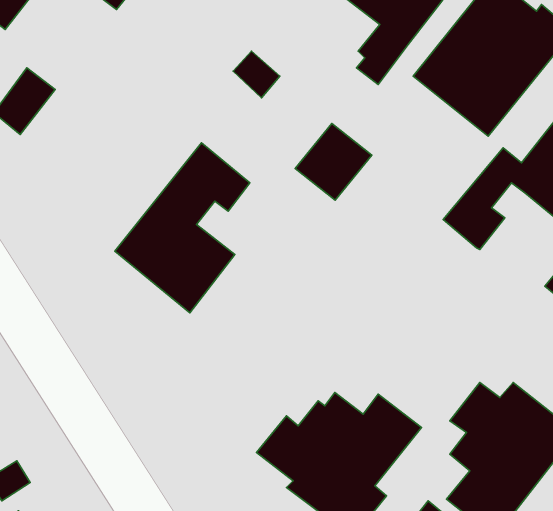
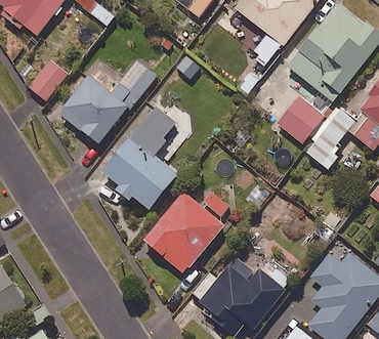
building: none -> [58,60,154,144]
building: [295,123,372,200] -> [277,96,324,143]
building: none -> [143,192,228,273]

